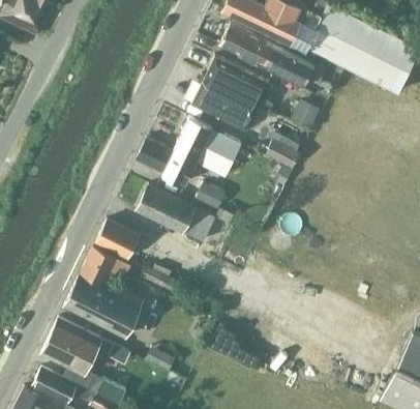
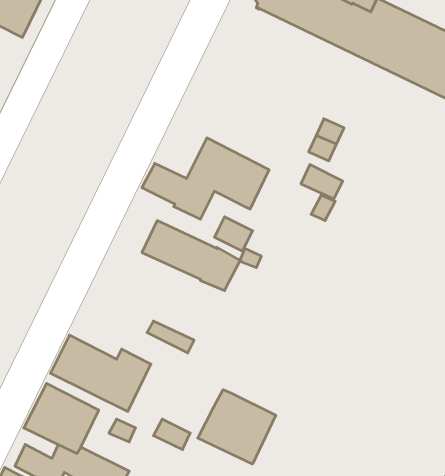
building: [211,25,323,97] -> none
building: [191,56,270,132] -> none
building: [97,220,141,259] -> none
building: [80,251,127,287] -> none
building: none -> [198,390,276,464]

